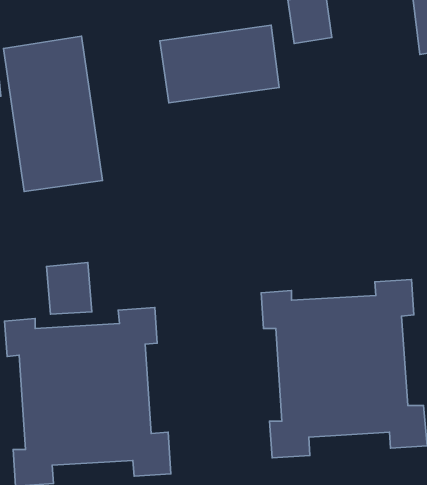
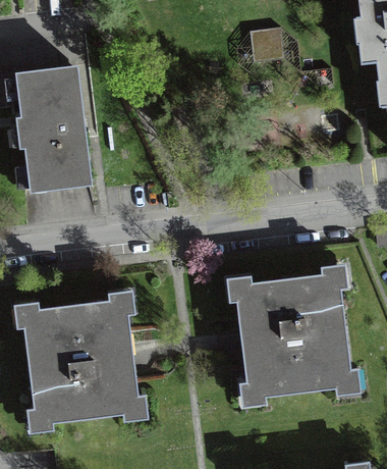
building: [160,25,279,103] -> none
building: [47,263,92,314] -> none

